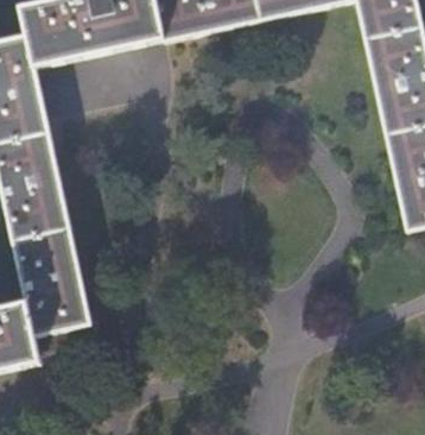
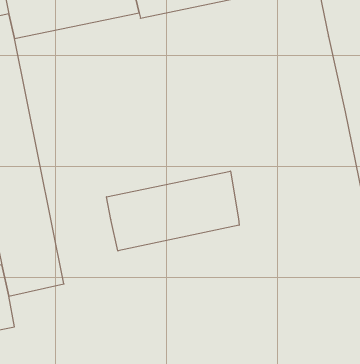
building: none -> [107,171,239,251]

